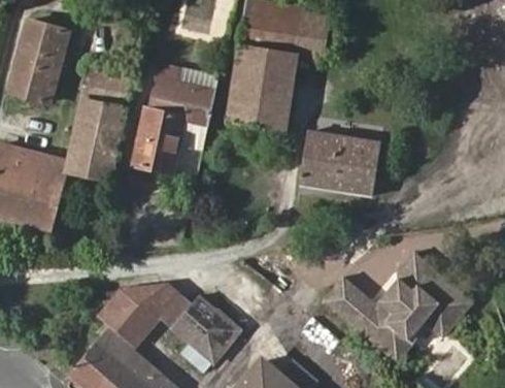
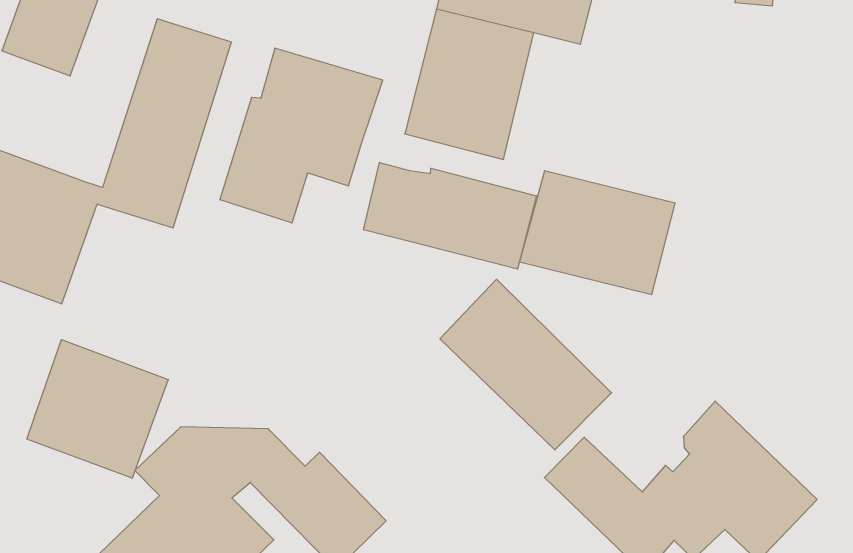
building: none -> [363,162,537,269]
building: none -> [440,279,612,450]
building: none -> [27,340,168,478]

